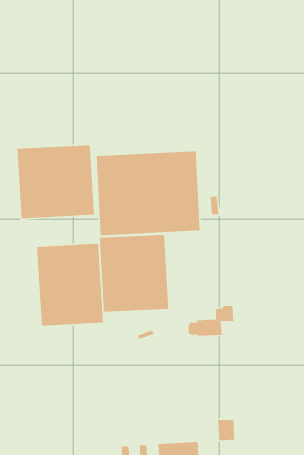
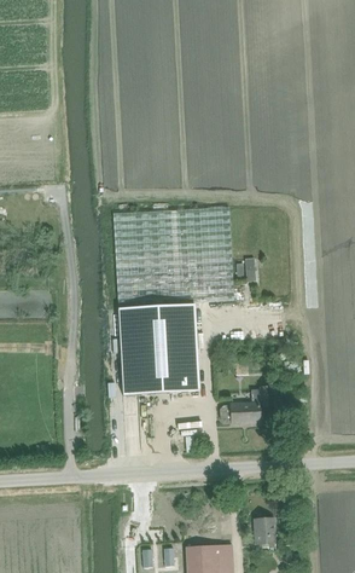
building: [17,144,95,219] -> none
building: [36,243,104,327] -> none

